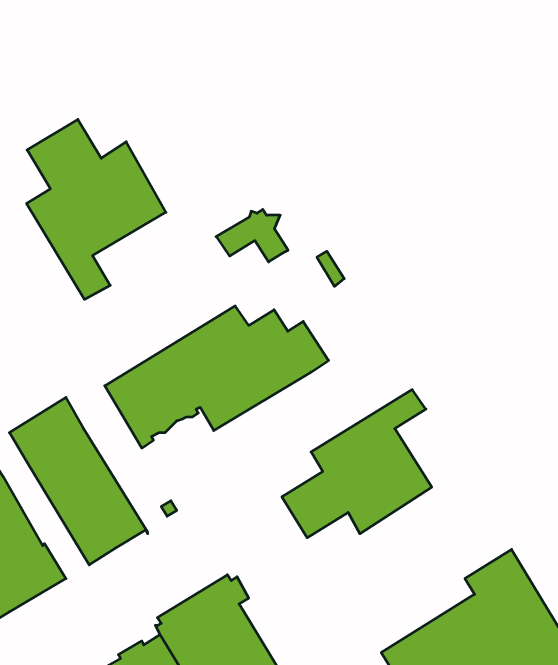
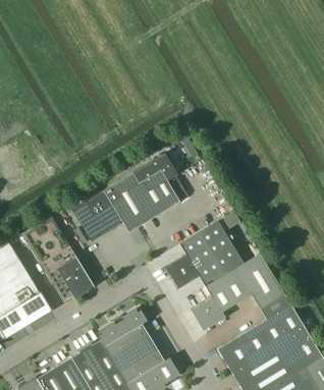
building: [27,119,166,299] -> none
building: [216,209,288,262] -> [141,154,178,181]
building: none -> [192,254,285,331]

